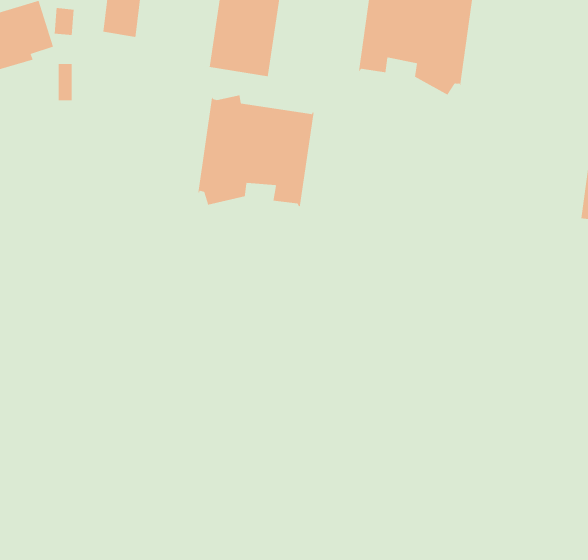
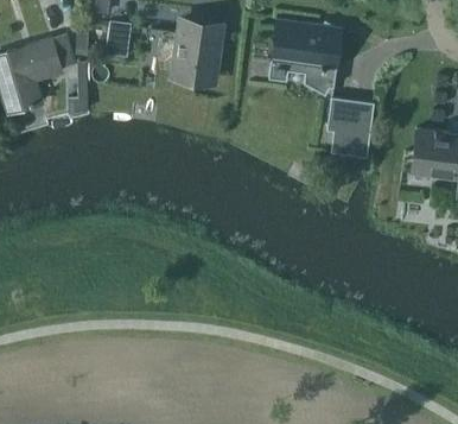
building: [198,94,314,207] -> none
building: none -> [327,100,375,157]

